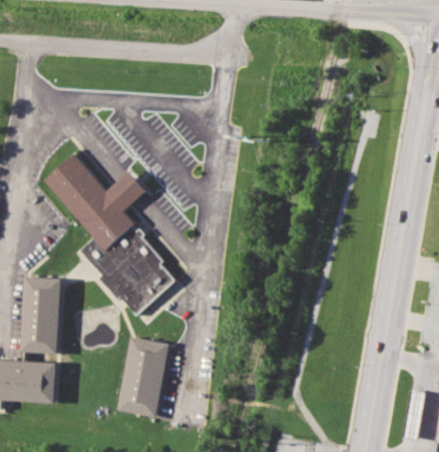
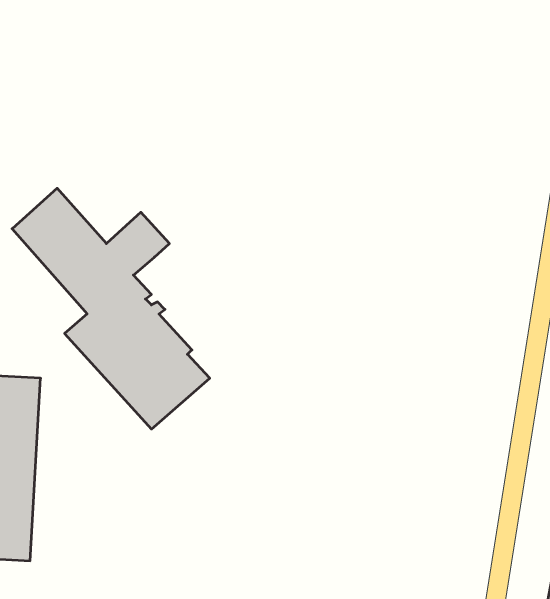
building: [116,338,169,418] -> none

